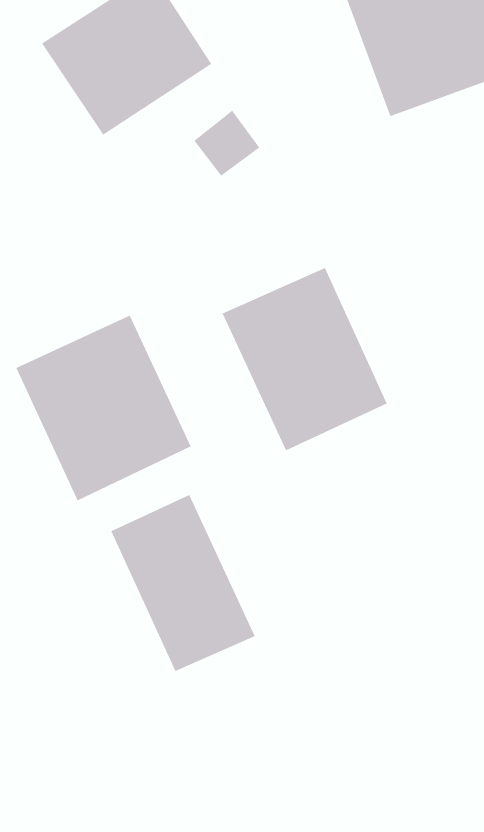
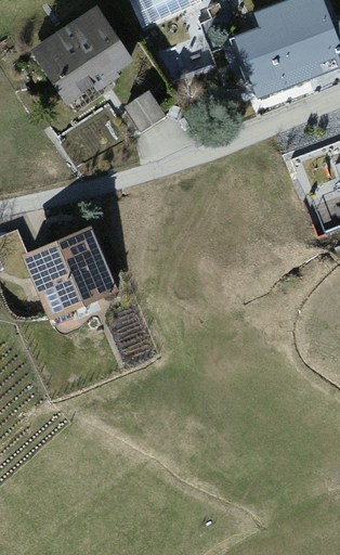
building: [222,267,388,451] -> none
building: [111,494,256,672] -> none

